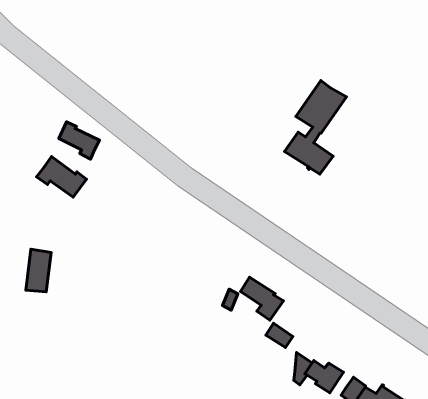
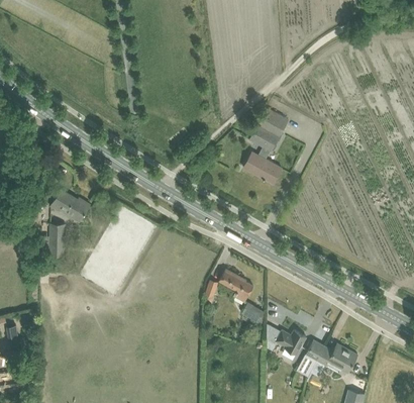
building: [59,122,99,159] -> none
building: [26,249,51,292] -> [48,223,66,256]

